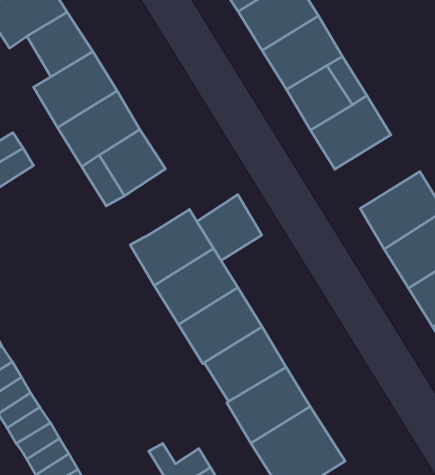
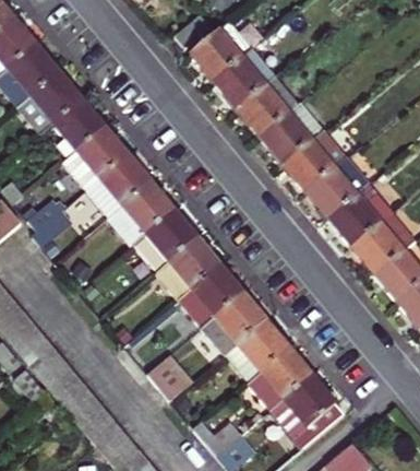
building: none -> [304,155,370,217]
building: [197,195,262,261] -> [146,209,197,261]
building: none -> [147,352,194,400]

